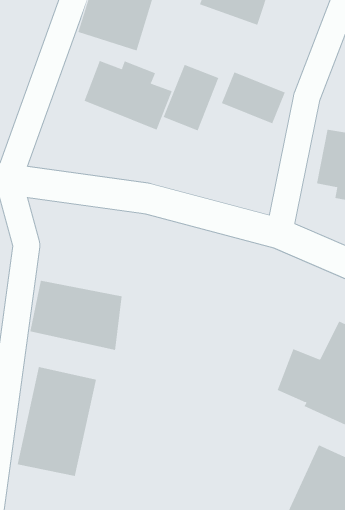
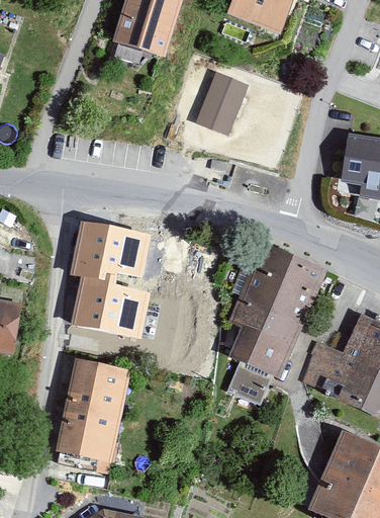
building: [84,60,173,131] -> none
building: [221,72,286,124] -> none
building: none -> [70,210,152,282]
building: none -> [226,242,325,405]

